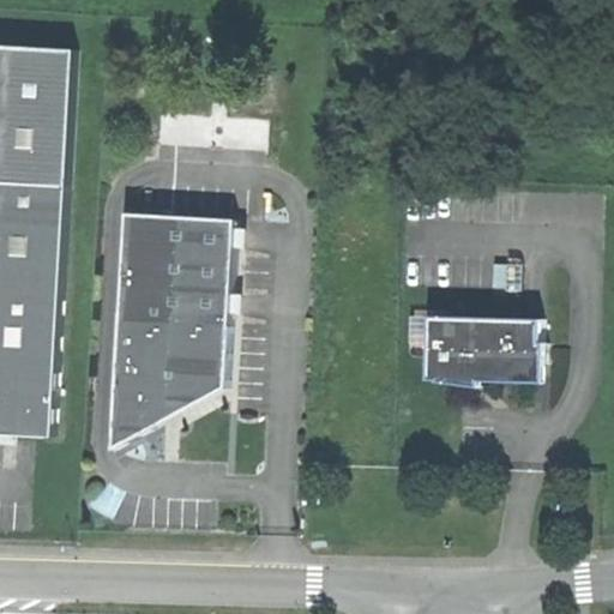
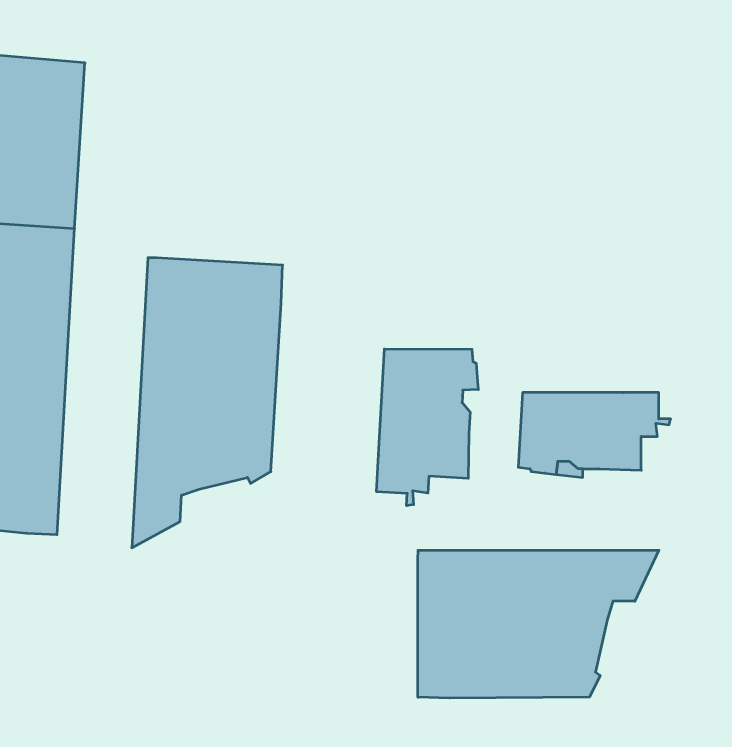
building: none -> [377,349,478,506]
building: none -> [418,550,659,698]

